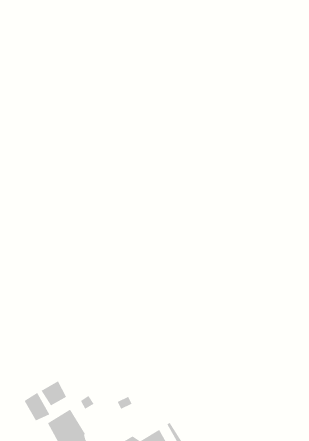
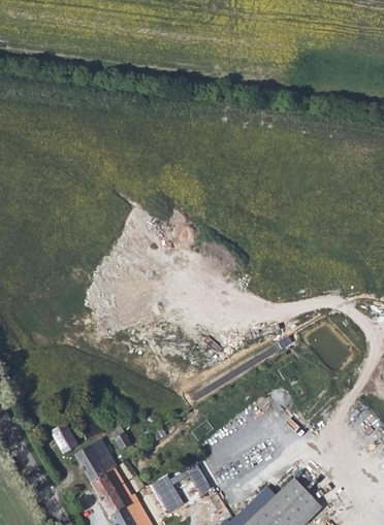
building: [41,380,67,406] -> none

